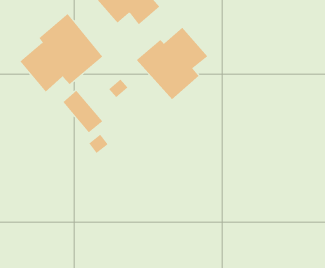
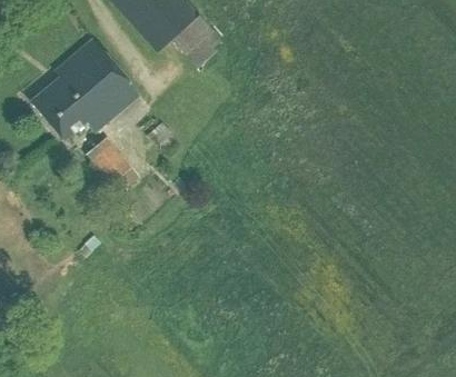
building: [136,27,208,100] -> none

